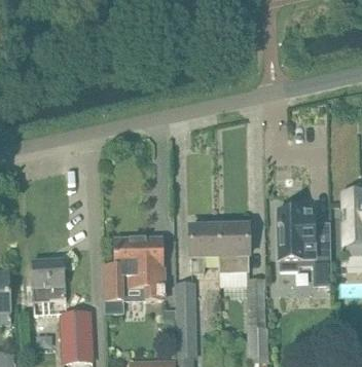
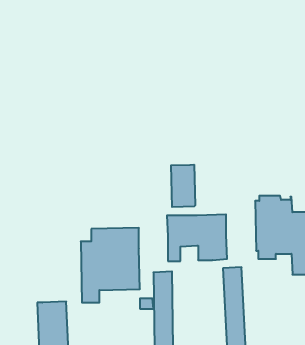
building: none -> [171,165,195,207]
building: [31,258,66,301] -> none

